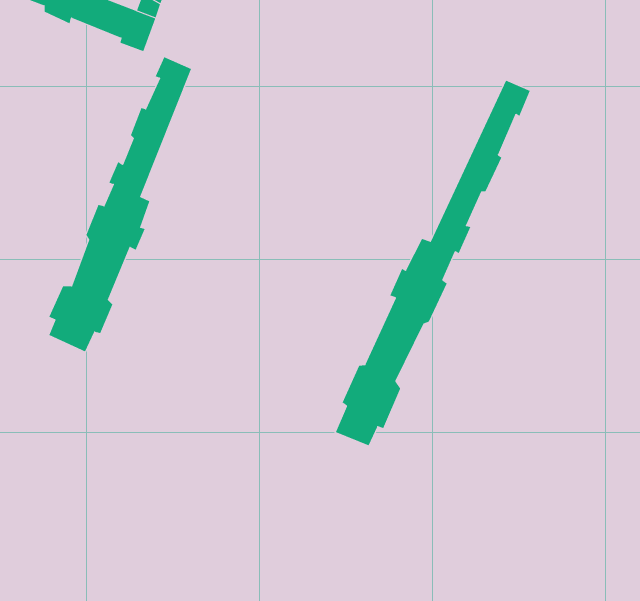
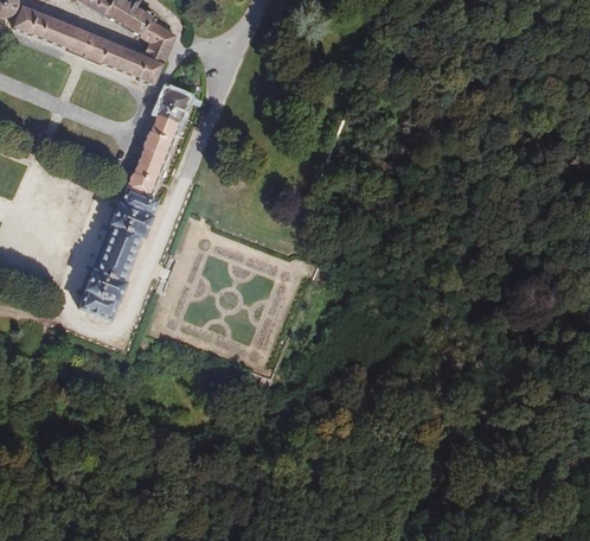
building: [335,80,531,446] -> none

